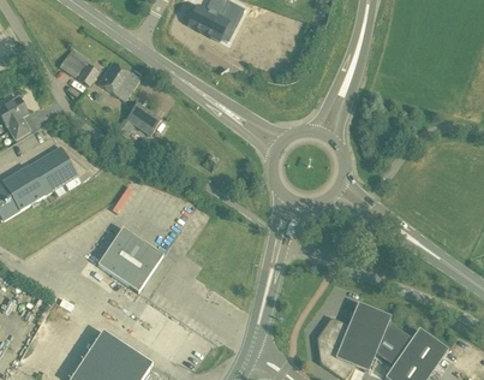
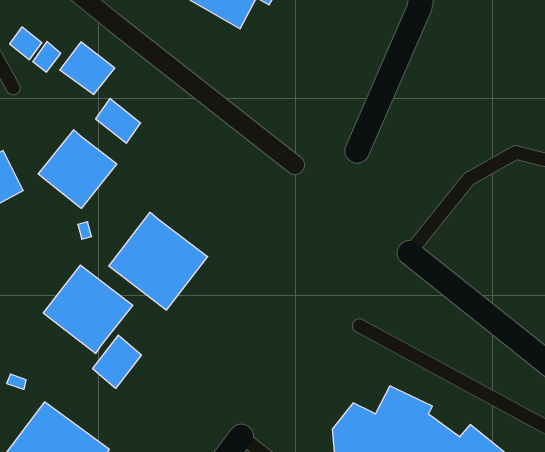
building: none -> [38,130,117,208]
building: none -> [109,212,208,310]
building: none -> [93,335,141,388]

